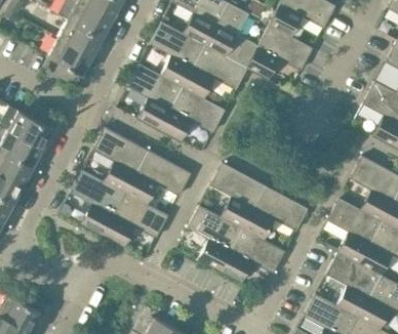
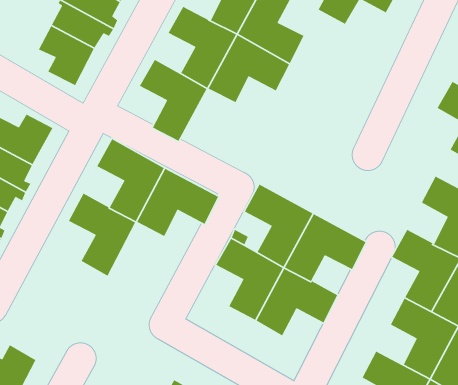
building: [247,26,313,80] -> none
building: [159,88,225,142] -> none
building: [103,194,168,248] -> none

